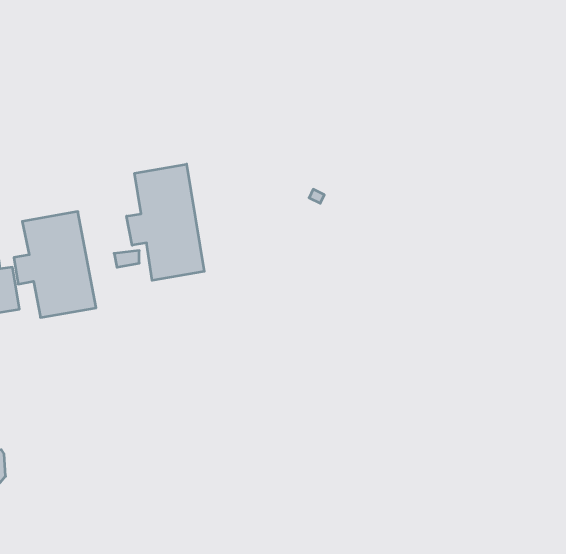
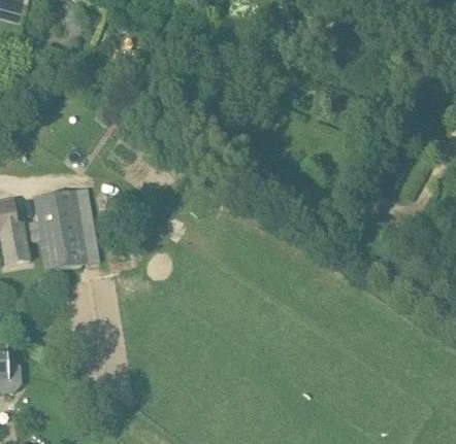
building: [127,164,204,280] -> none

